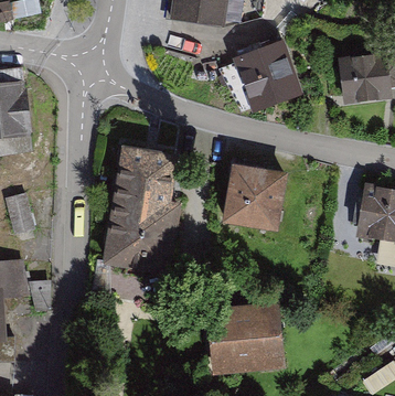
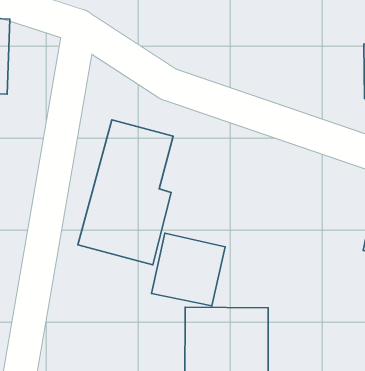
building: [231,40,300,111] -> none
building: [225,167,286,226] -> [151,233,225,306]

